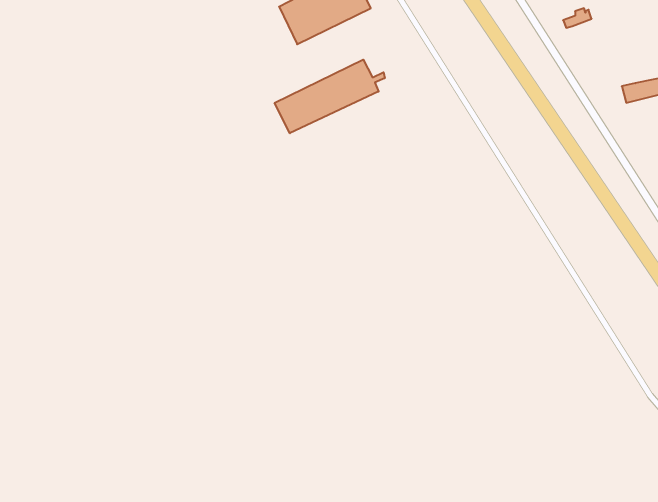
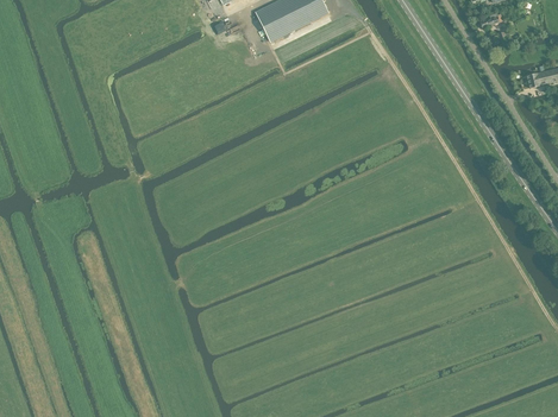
building: [275,60,385,133] -> none

